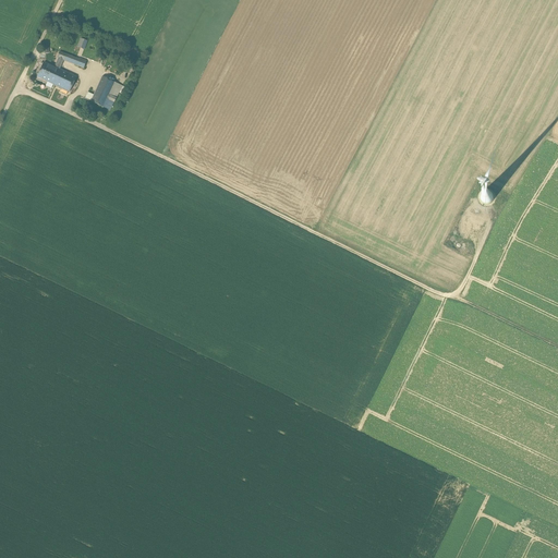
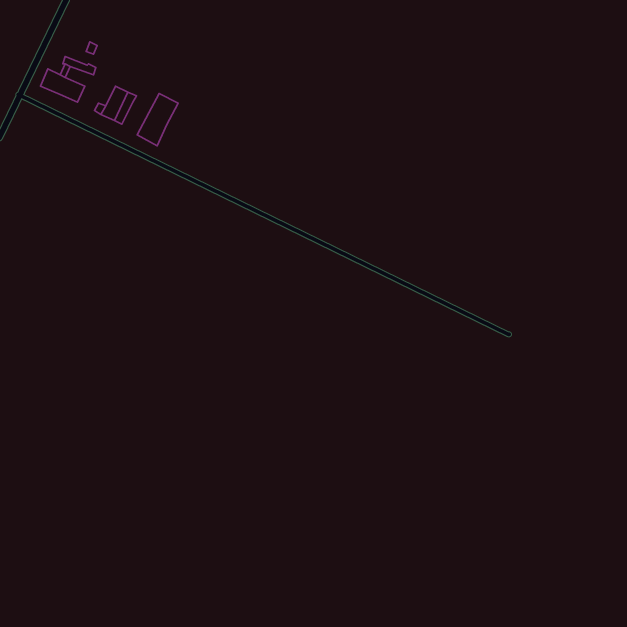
building: none -> [137,93,178,146]

